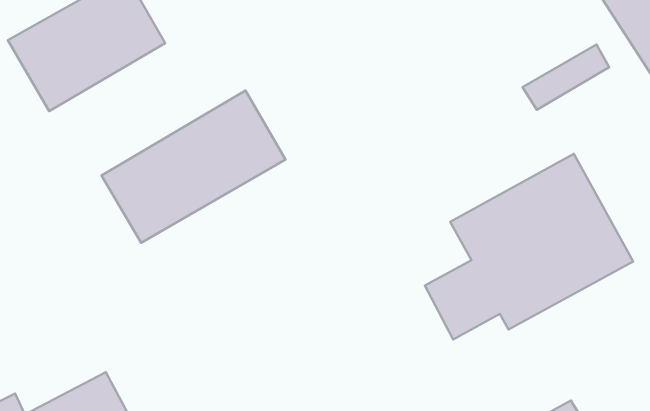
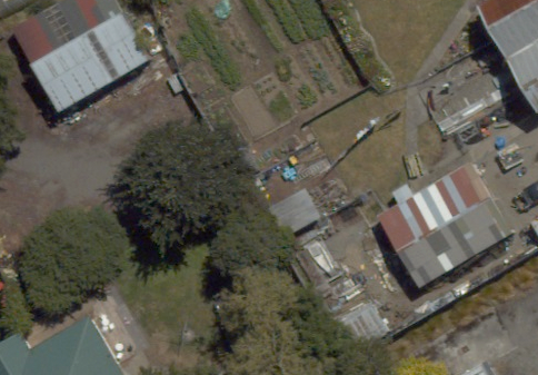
building: [102,91,286,243] -> none

